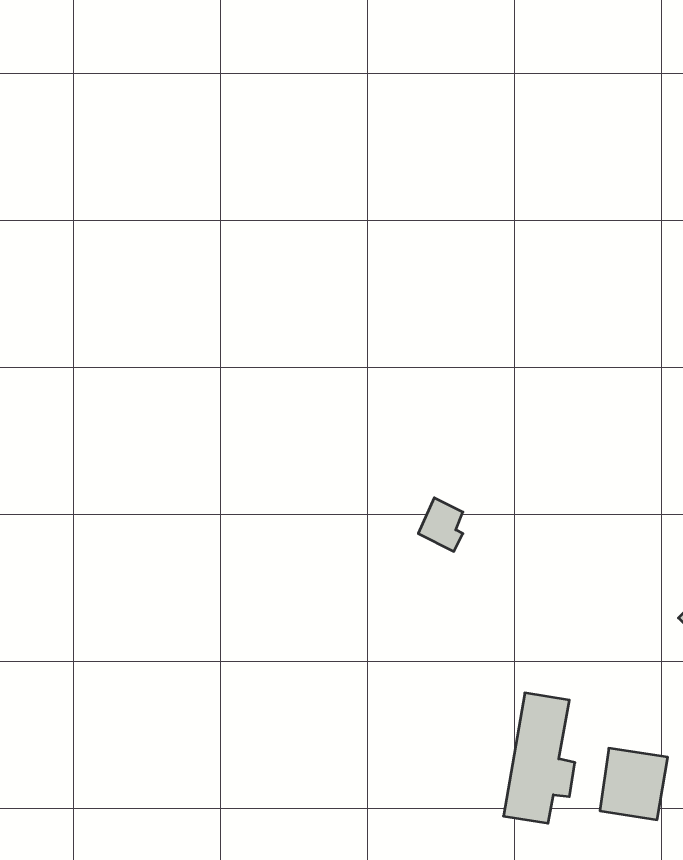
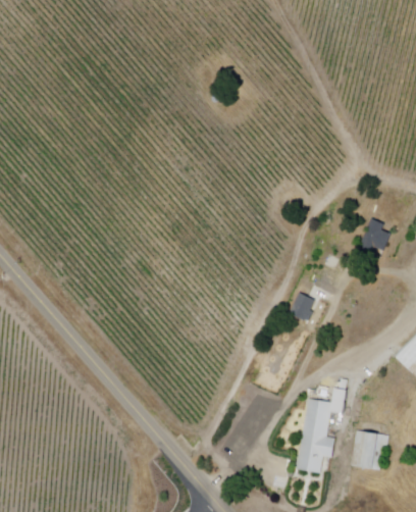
building: none -> [358,218,391,252]
building: [418,498,463,551] -> [289,292,314,322]

